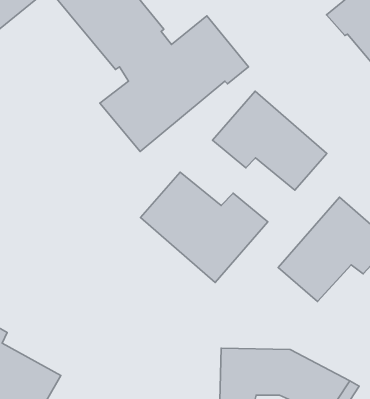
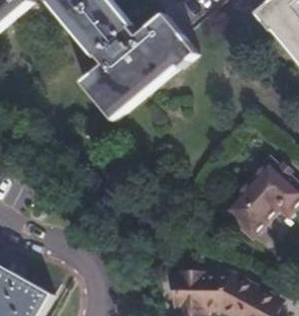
building: [212,91,327,190] -> none
building: [141,172,268,283] -> none

